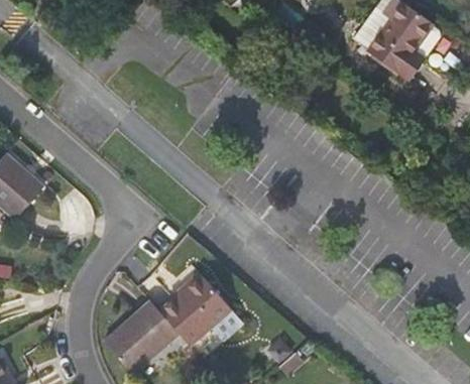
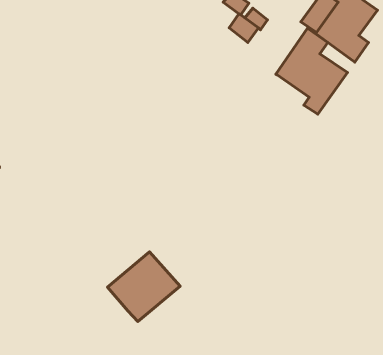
building: none -> [276,28,347,114]
building: [101,300,177,375] -> none

